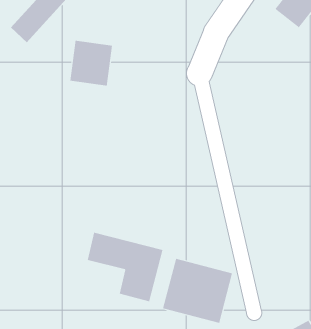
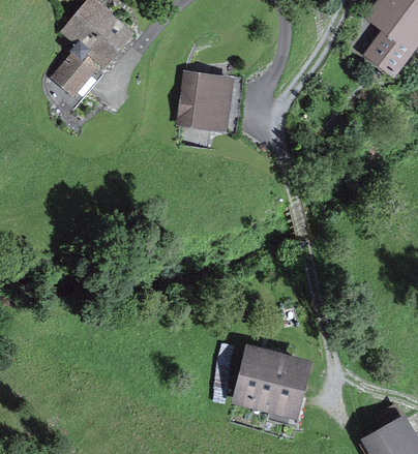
building: [69,40,113,86] -> [180,77,231,130]
building: [87,232,163,302] -> none

